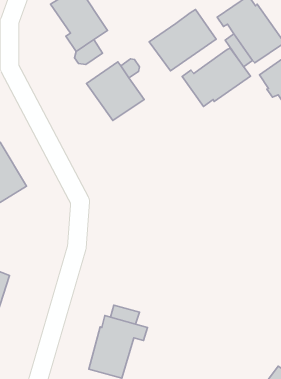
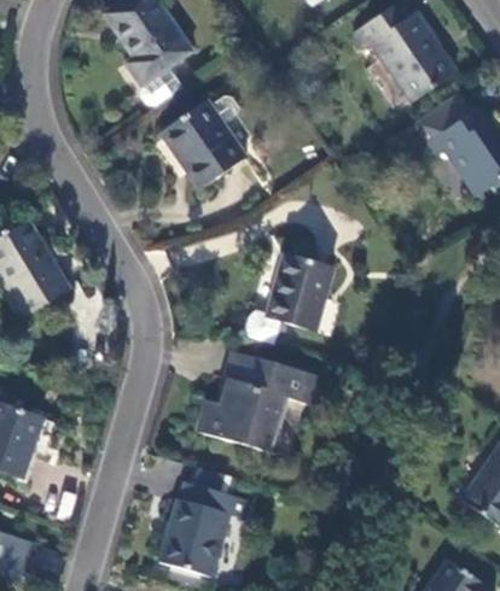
building: [149,10,216,71] -> none
building: [182,48,250,107] -> none
building: none -> [245,254,332,344]
building: none -> [200,358,315,451]

